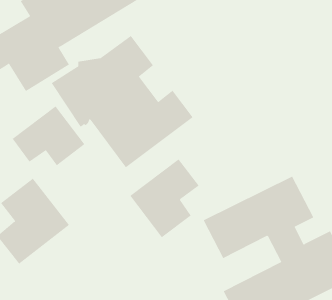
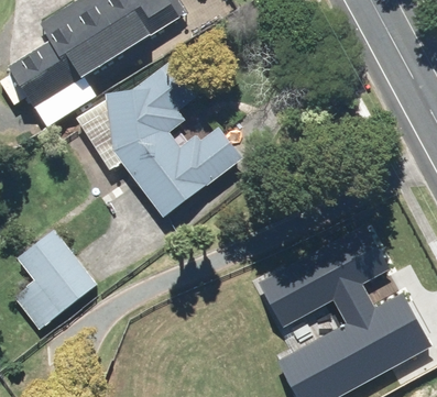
building: [12,106,85,166] -> none
building: [130,158,199,238] -> none

